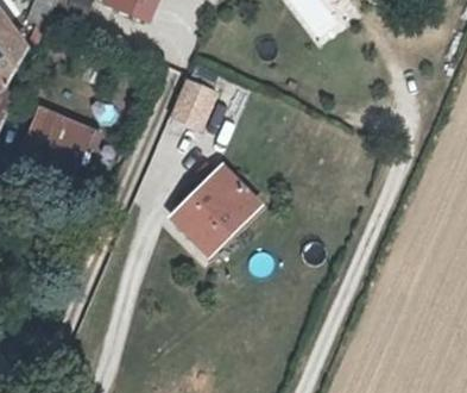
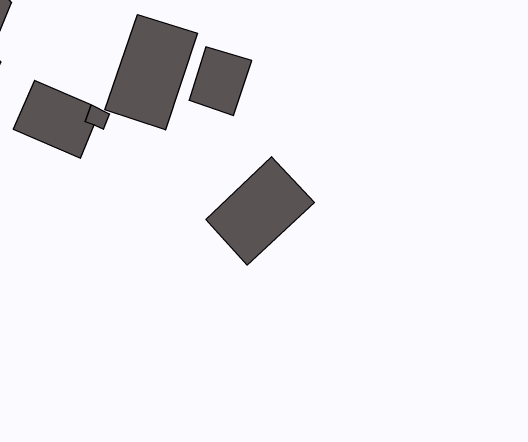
building: none -> [105,15,198,130]

